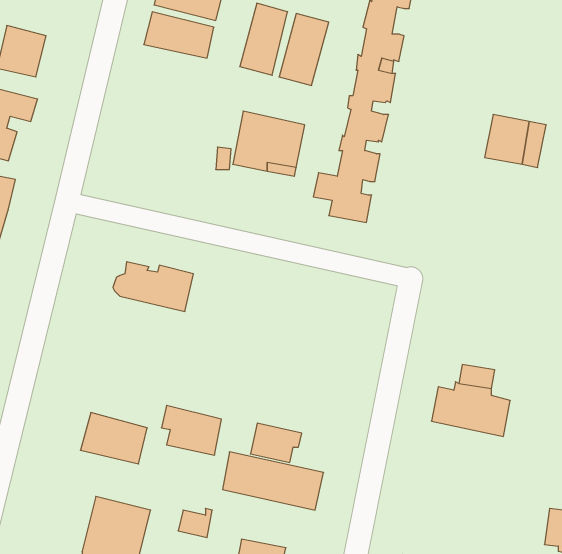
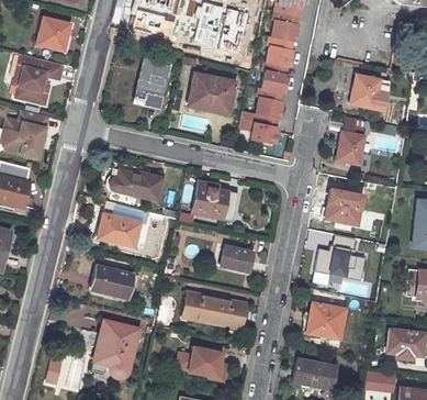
building: none -> [134,58,168,103]
building: none -> [336,116,363,163]
building: none -> [193,186,229,219]
building: none -> [318,188,362,224]
building: [161,405,221,455] -> [100,214,138,246]
building: [250,423,302,462] -> [221,245,254,270]
building: none -> [306,301,348,342]

